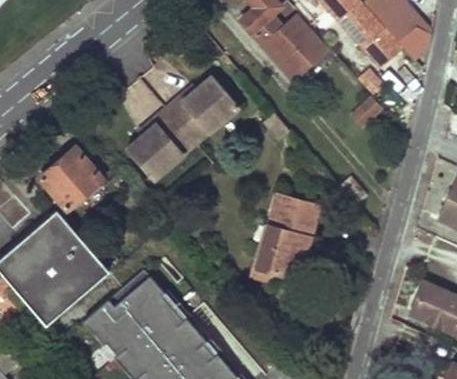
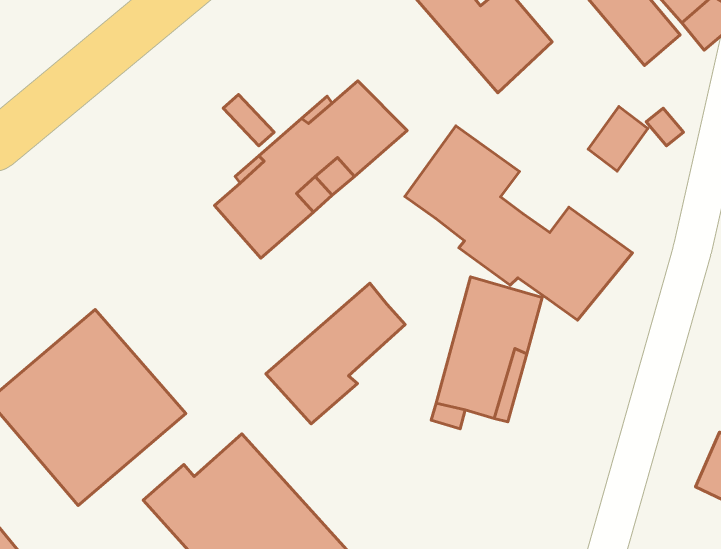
building: none -> [405,126,632,320]
building: [41,147,102,209] -> none
building: none -> [266,283,405,424]

